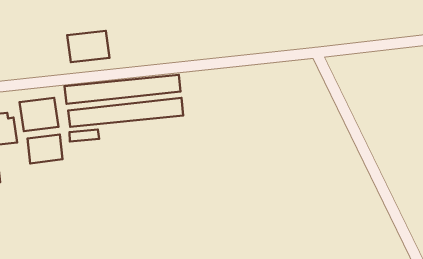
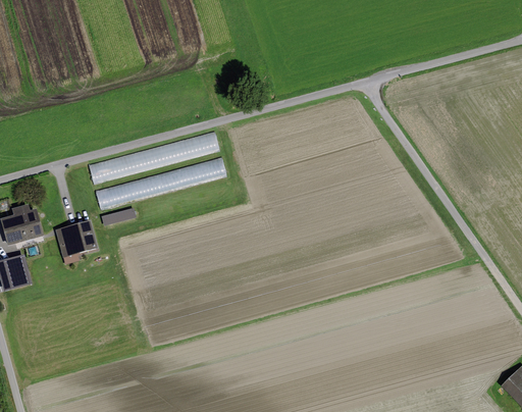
building: [67,31,110,62] -> none
building: [19,98,58,131] -> none

